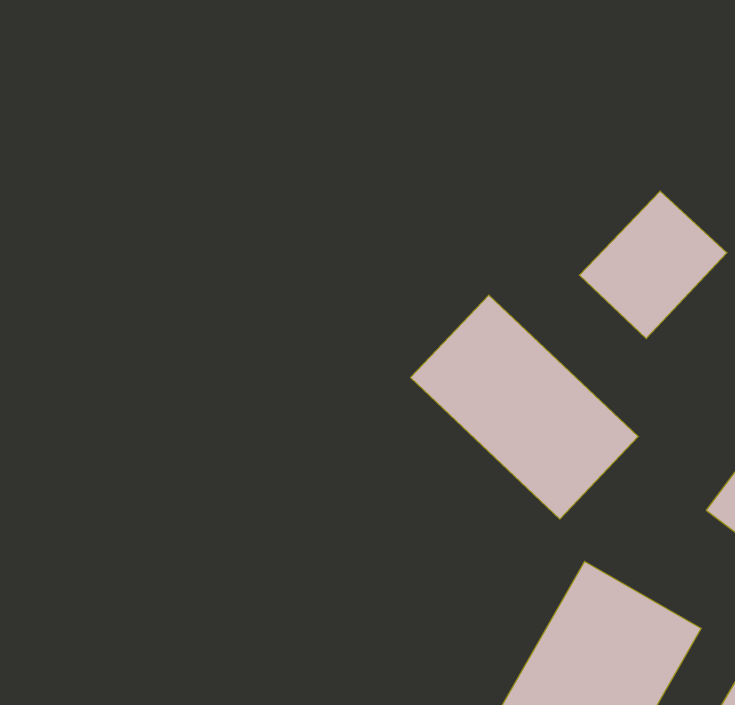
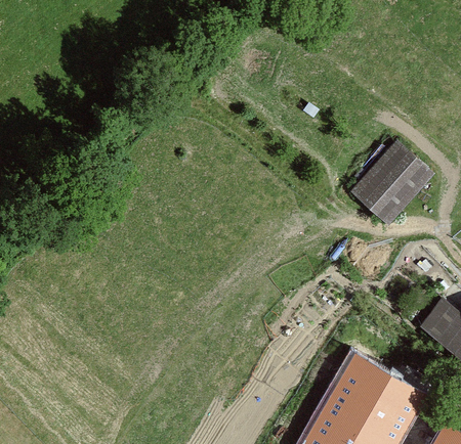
building: [411,295,638,519] -> none

